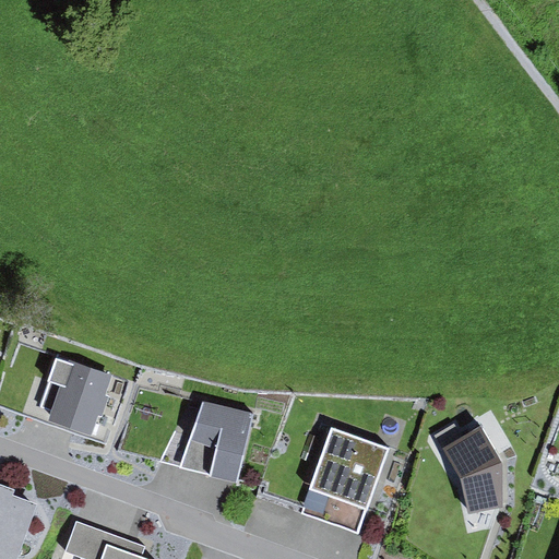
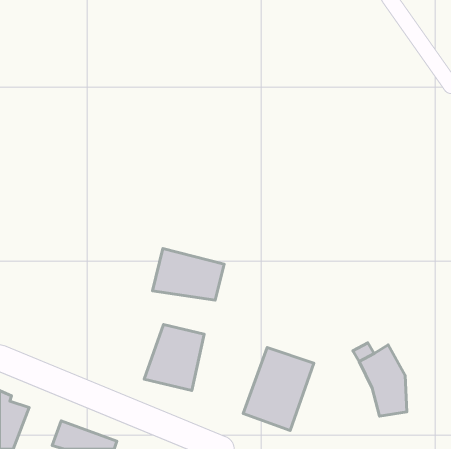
building: none -> [152,248,224,300]
building: [47,356,110,437] -> none

